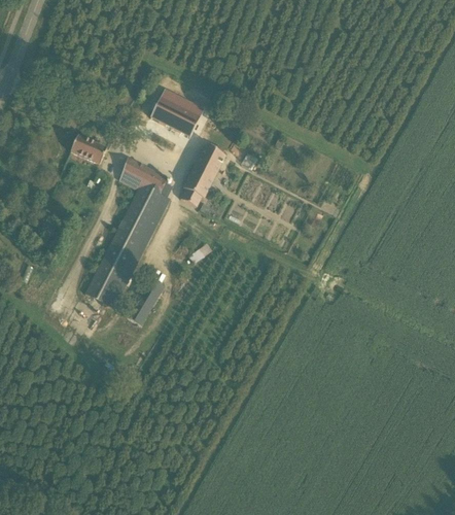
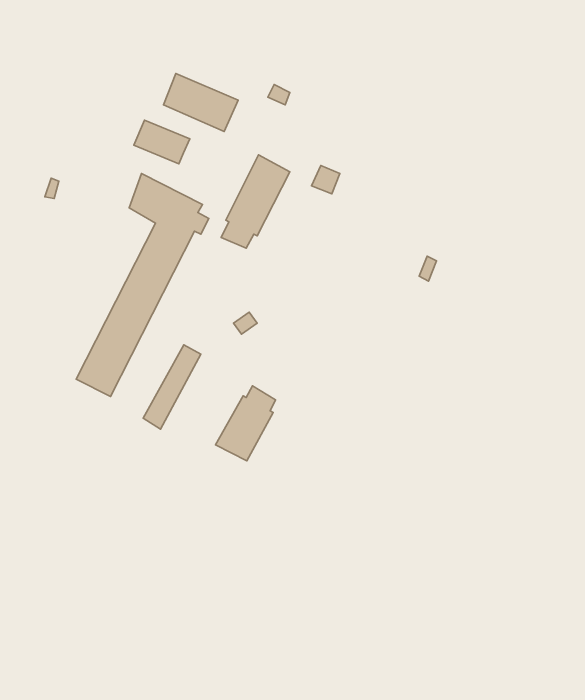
building: [72,136,109,165] -> [134,120,190,164]
building: none -> [216,386,276,461]

